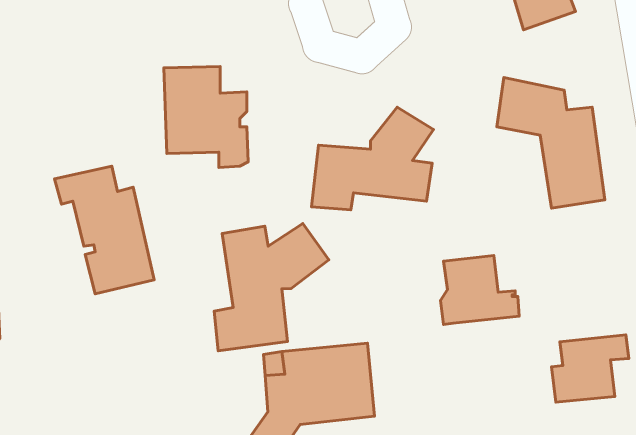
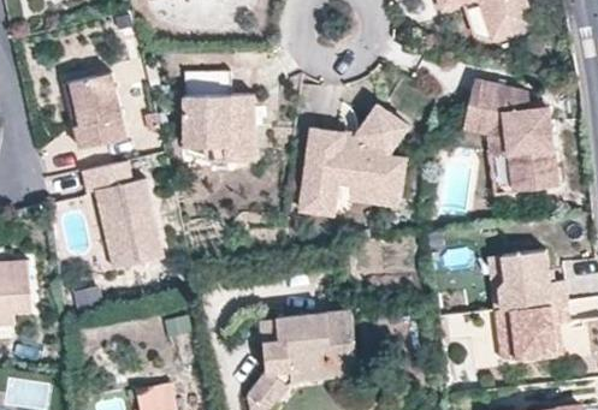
building: none -> [66,69,124,147]
building: [214,224,329,351] -> none
building: [441,256,519,324] -> [503,251,570,310]

